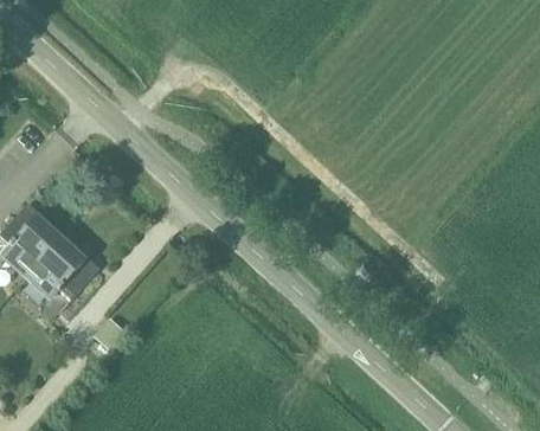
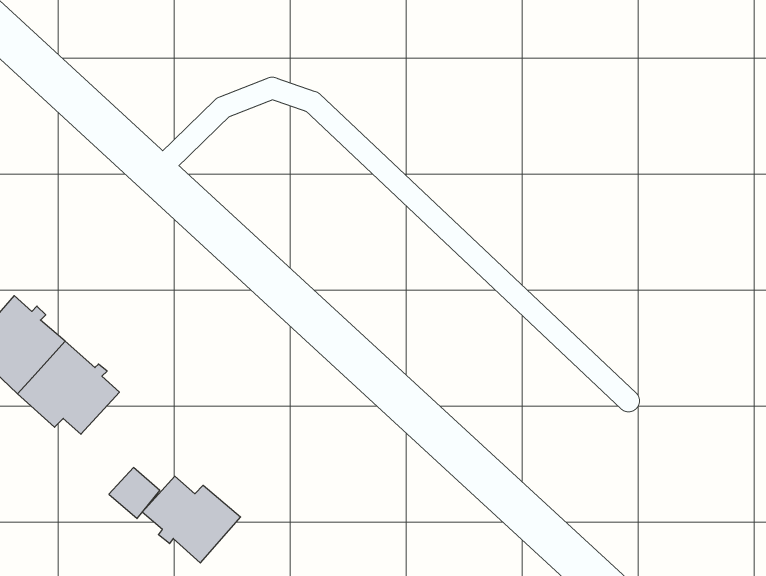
building: none -> [142,476,241,563]

